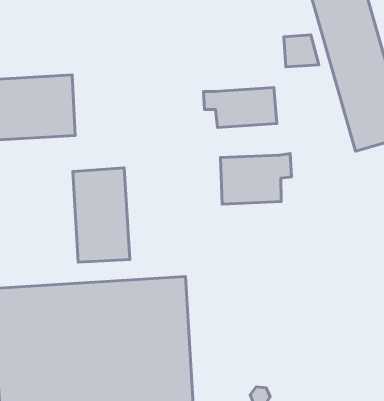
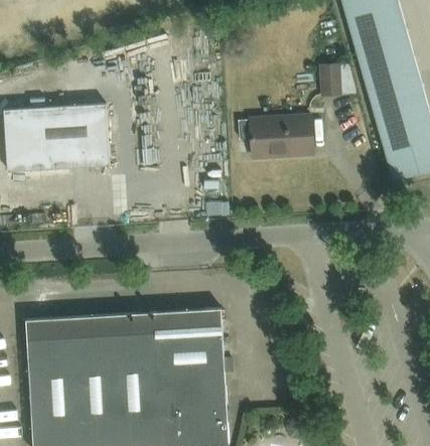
building: [220,154,291,204] -> none
building: [73,168,130,262] -> none

